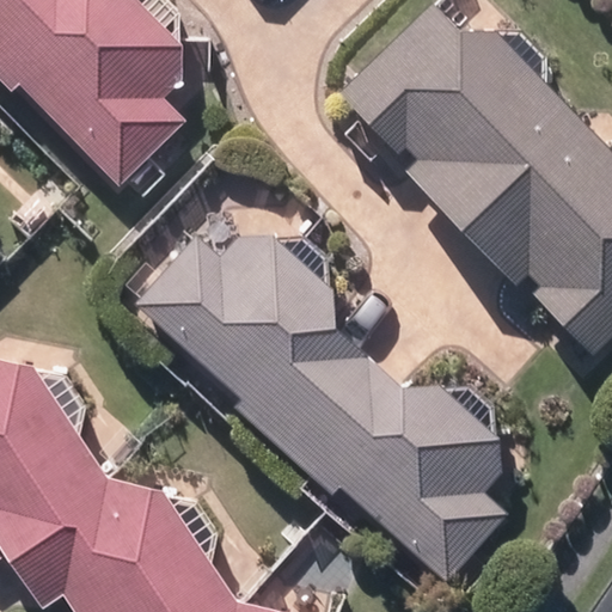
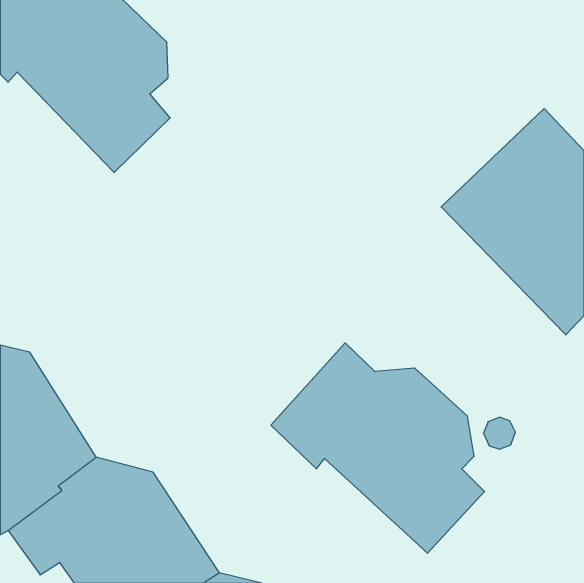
building: [343,10,569,216] -> none
building: [136,239,361,445] -> none

